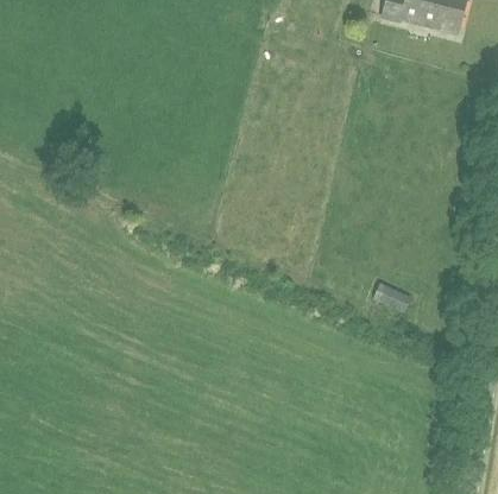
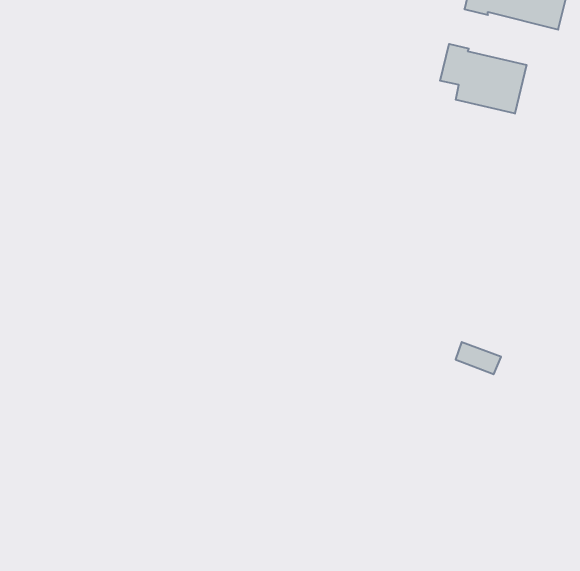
building: none -> [440,44,527,114]

